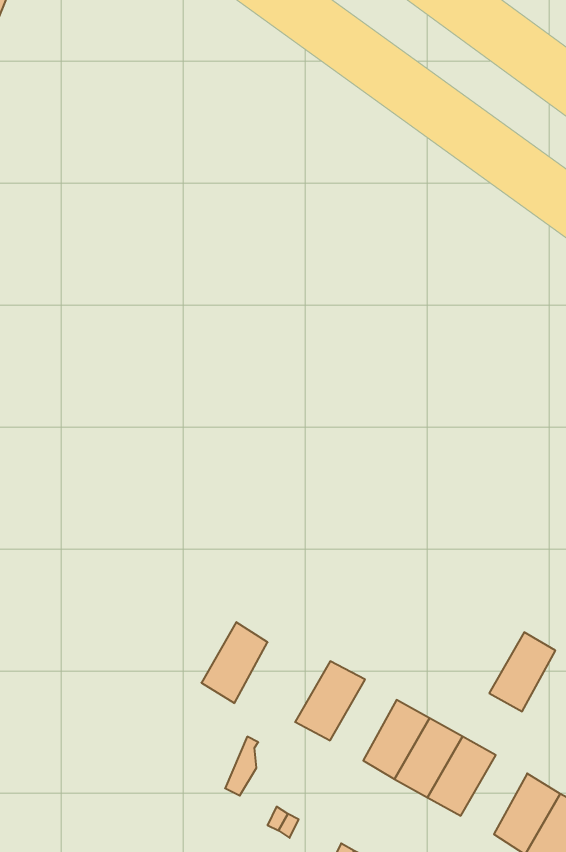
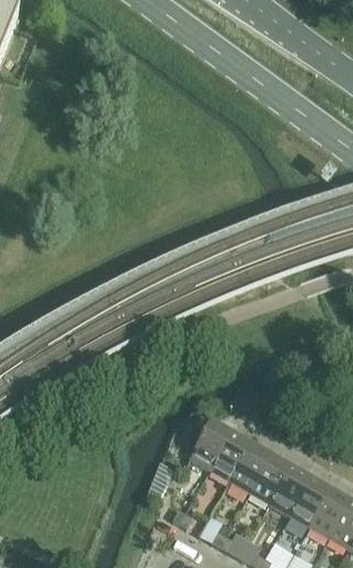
building: [201,622,268,703] -> [210,430,250,479]
building: [489,632,555,711] -> [289,476,329,524]

